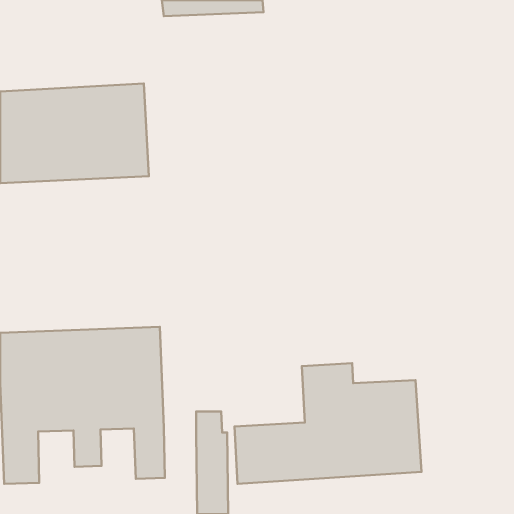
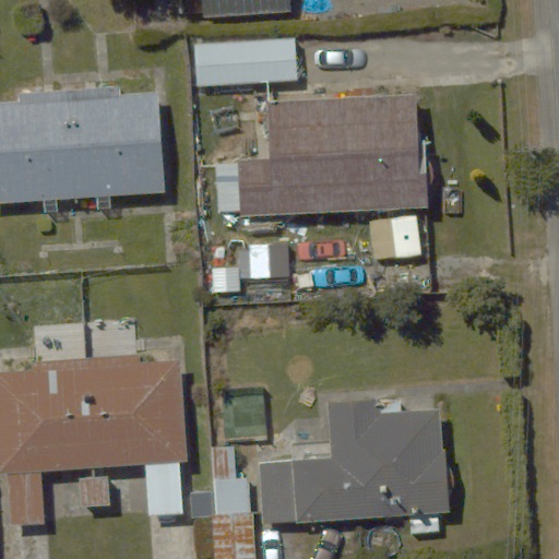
building: none -> [198,36,301,85]
building: none -> [240,102,425,217]

